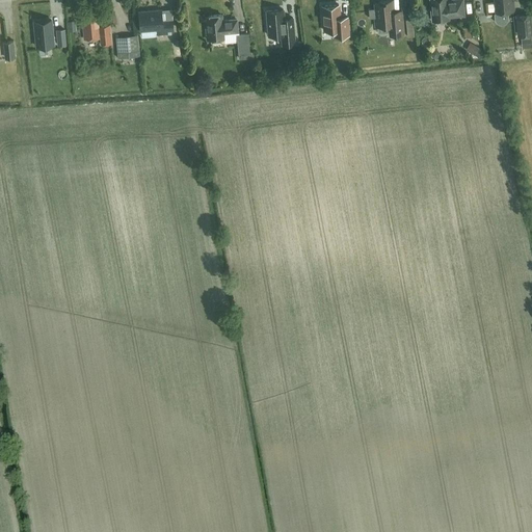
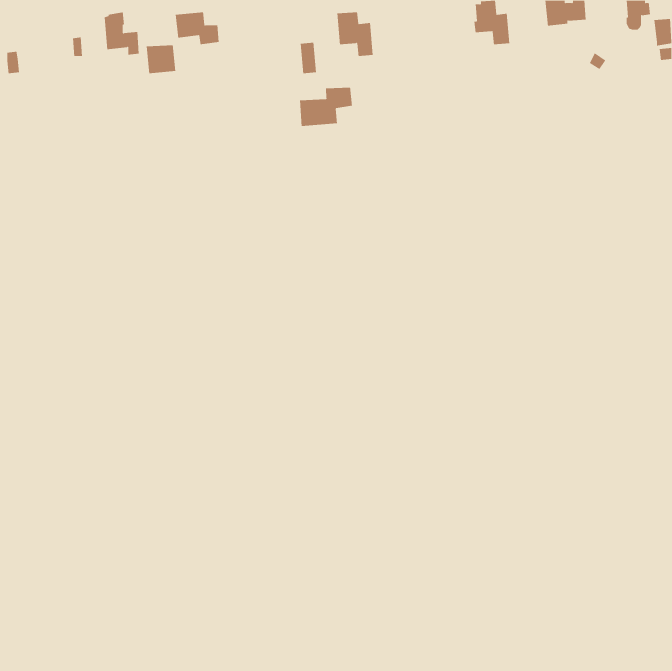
building: [322,5,349,37] -> none
building: [206,16,238,44] -> none
building: [34,21,54,48] -> none
building: none -> [299,87,353,127]

